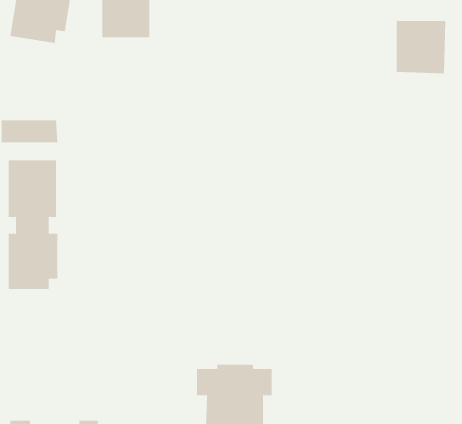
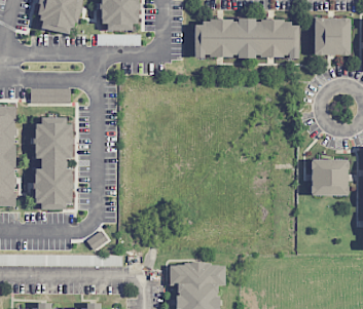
building: none -> [194,20,298,57]
building: none -> [310,159,349,196]

